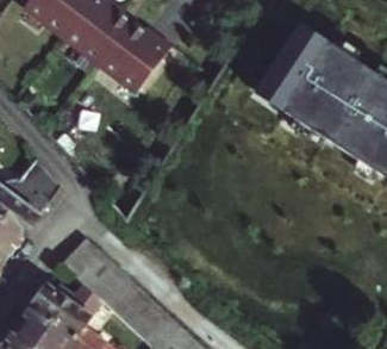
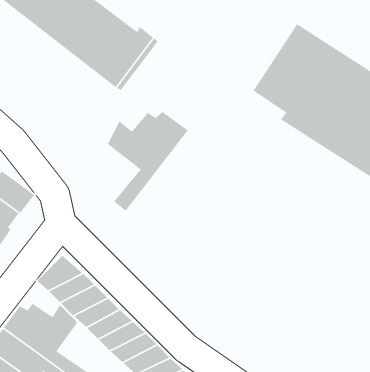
building: none -> [107,111,189,212]

